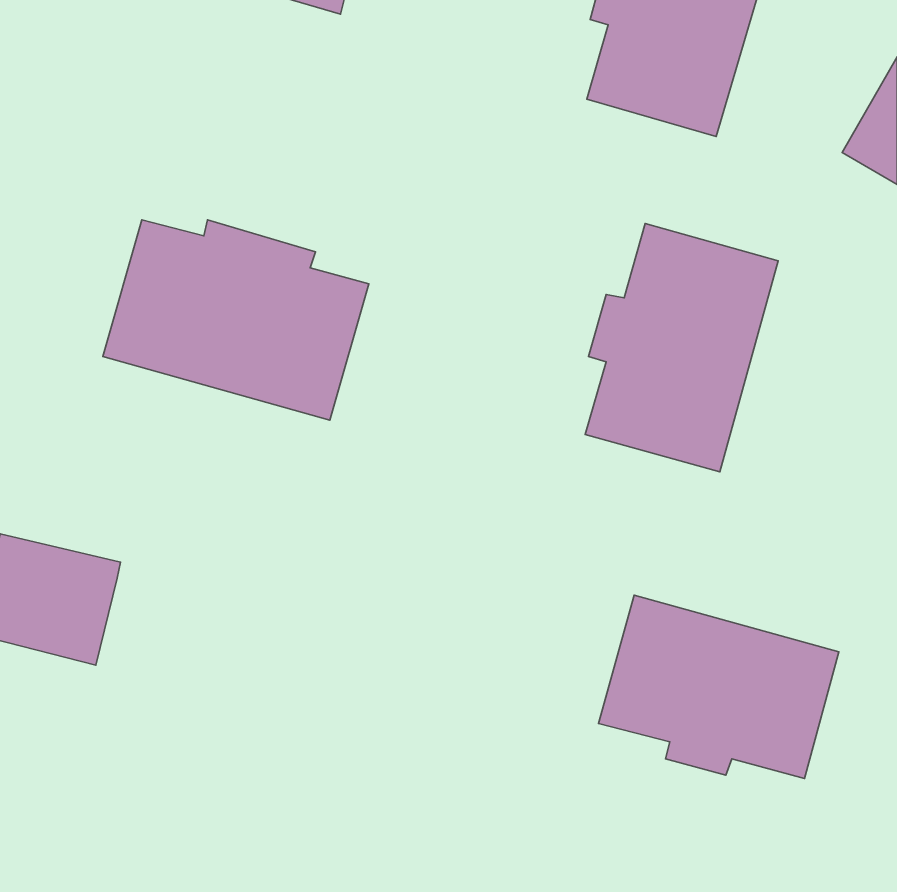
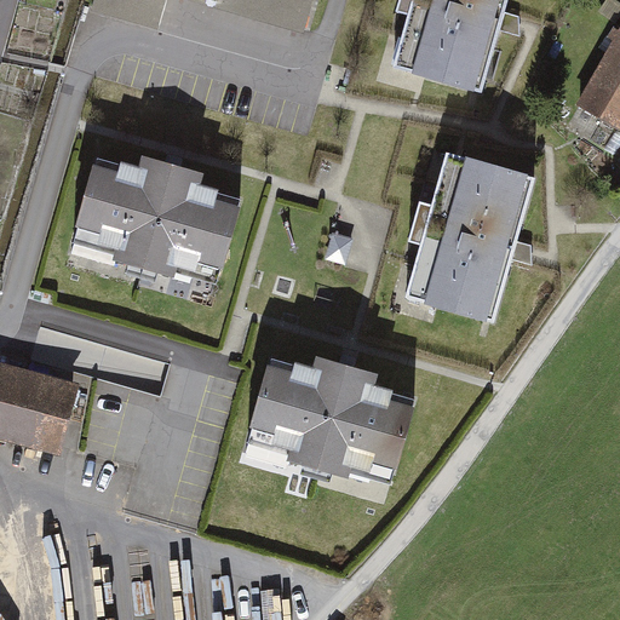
building: none -> [245,358,411,489]
building: [599,595,839,778] -> none

